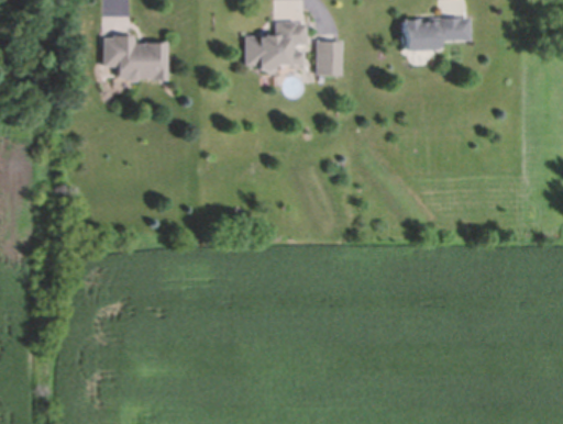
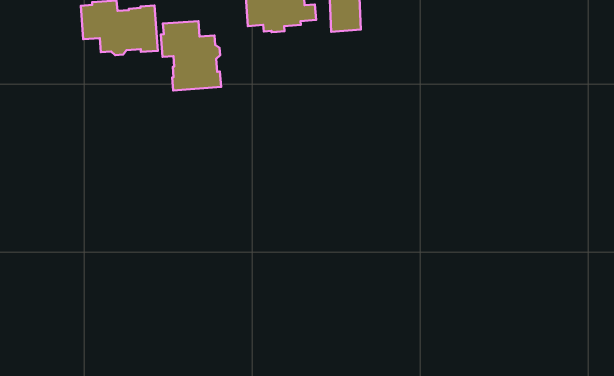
building: none -> [161,21,221,90]

